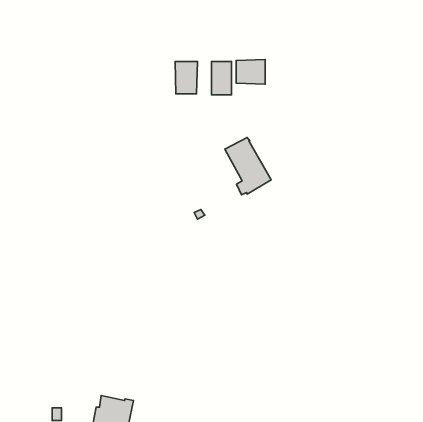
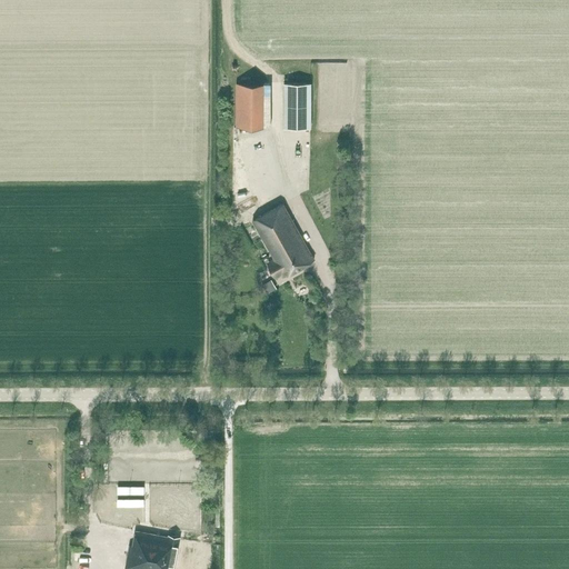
building: [236,60,265,84] -> none
building: [225,138,271,195] -> [252,206,315,282]

